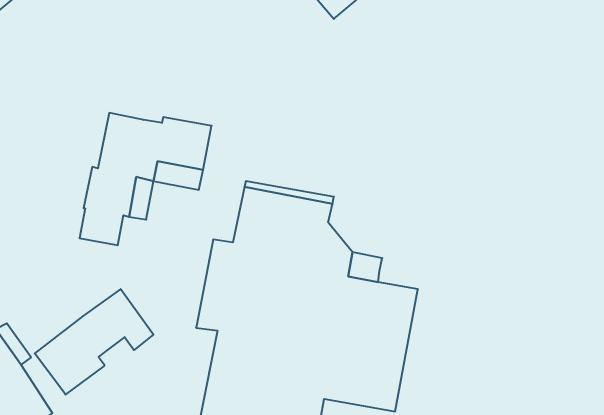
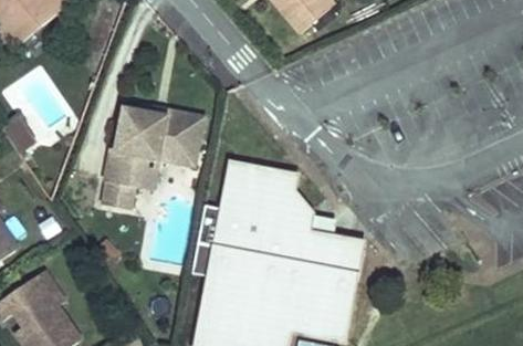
building: [35,289,153,395] -> none

